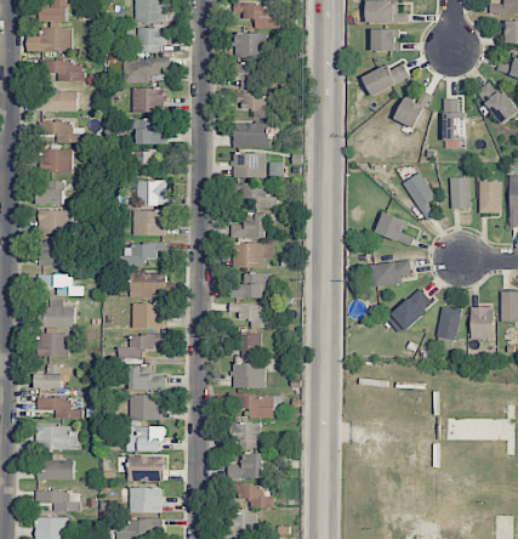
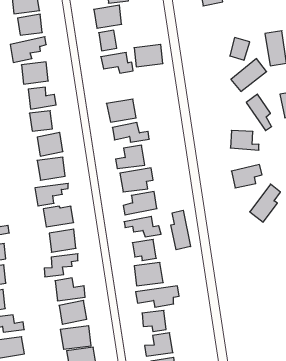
building: [363,58,409,96] -> [231,59,267,91]
building: [233,123,268,148] -> [134,44,163,67]
building: none -> [171,210,191,250]

